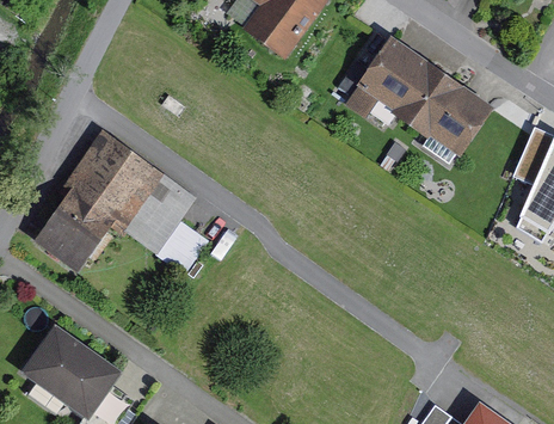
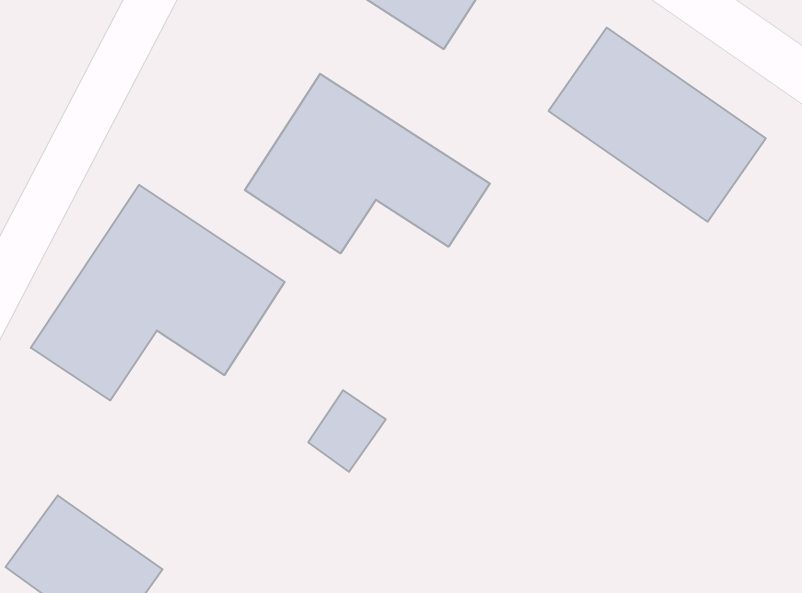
building: none -> [245,74,490,253]
building: [156,226,204,276] -> [308,390,386,472]

